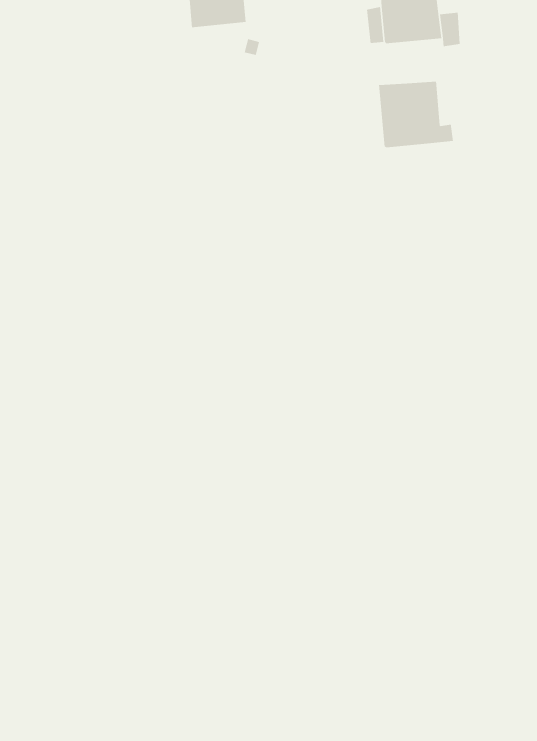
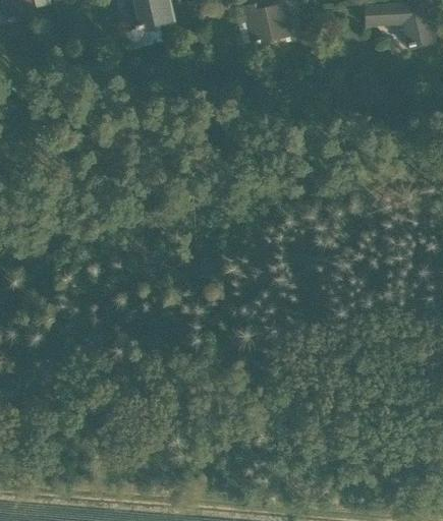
building: [378,81,453,148] -> none

